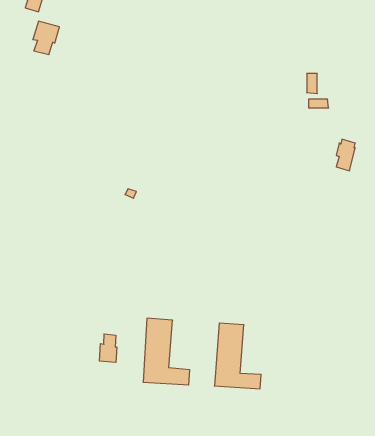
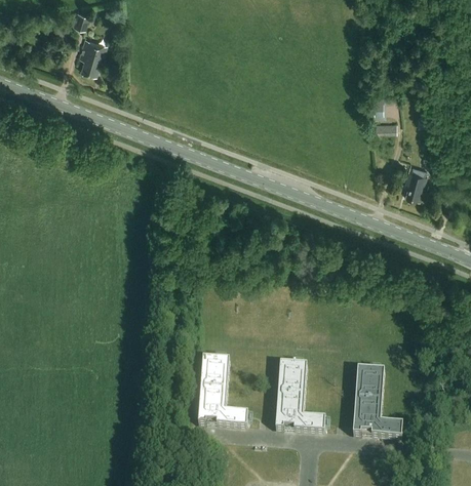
building: none -> [353,367,403,438]
building: [100,334,117,362] -> none

